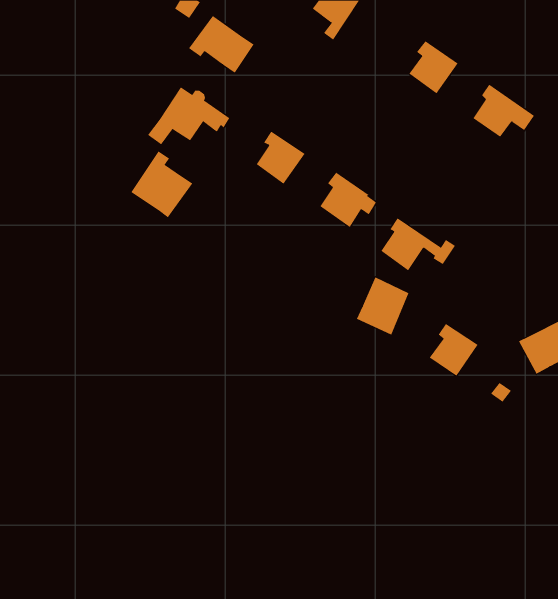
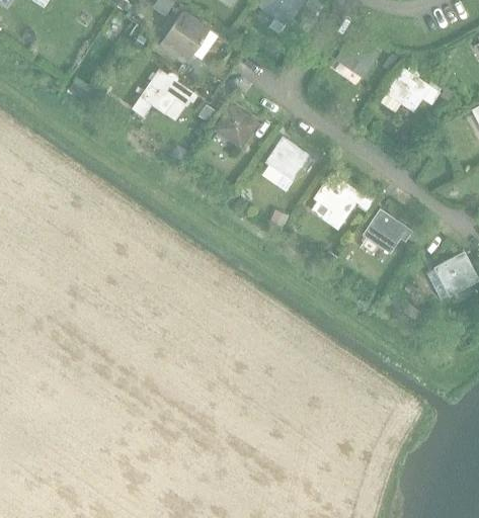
building: [131,150,193,218] -> none
building: [356,277,409,335] -> none
building: [429,323,479,377] -> [366,209,405,252]

